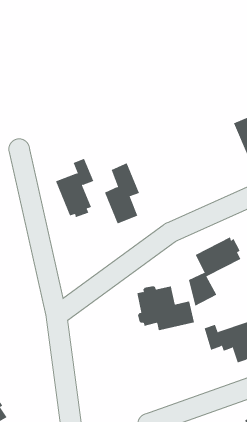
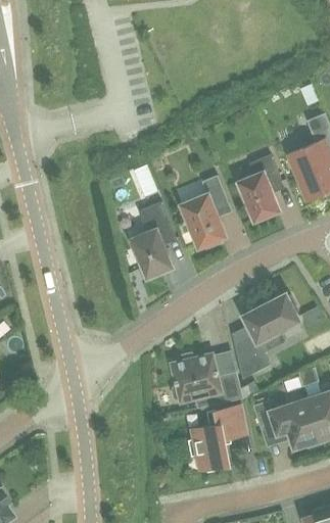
building: none -> [237,154,282,221]
building: [55,158,94,218] -> [181,176,229,249]
building: none -> [188,406,245,472]

